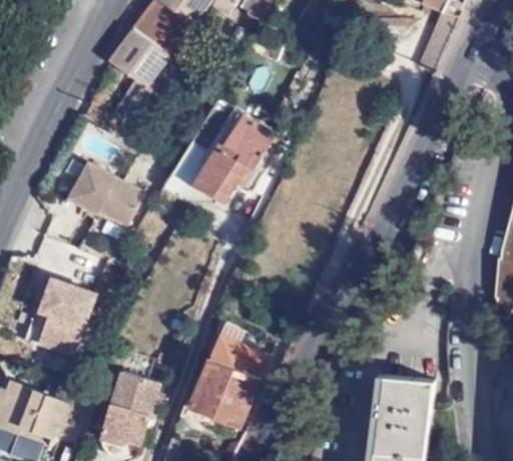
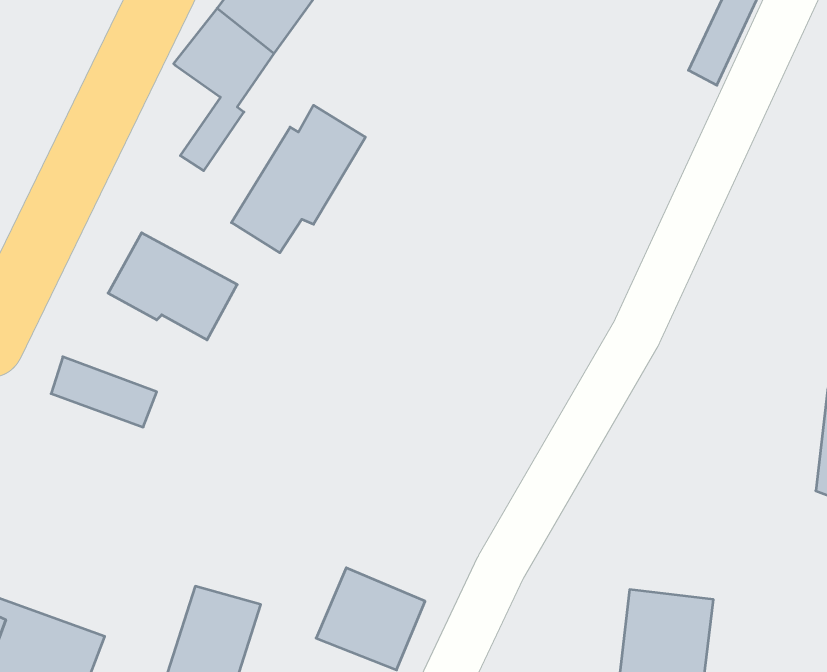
building: [195,110,276,198] -> [231,105,365,253]
building: [21,278,94,354] -> none
building: [210,338,268,382] -> none

